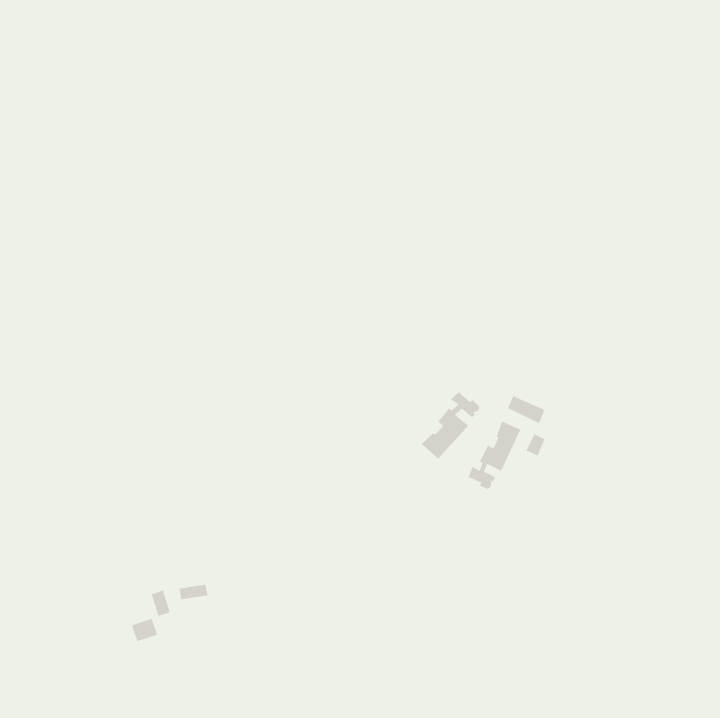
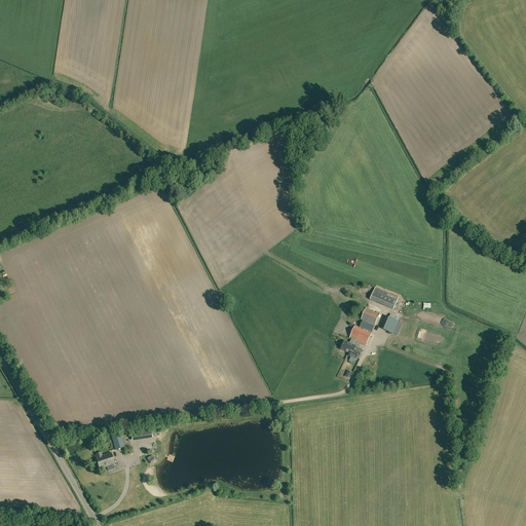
building: [421,391,481,460] -> none

